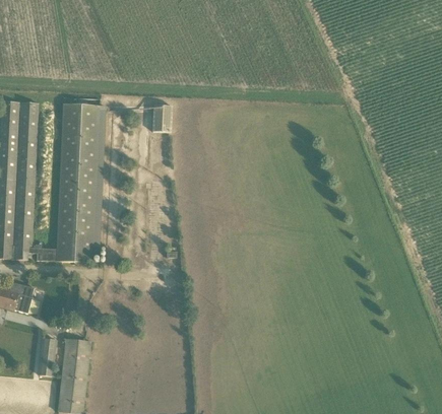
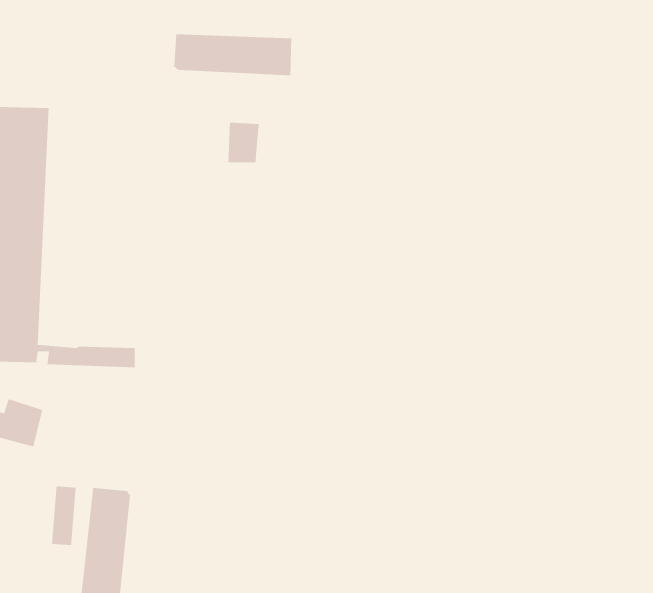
building: none -> [173,33,292,76]
building: [55,102,100,249] -> none

